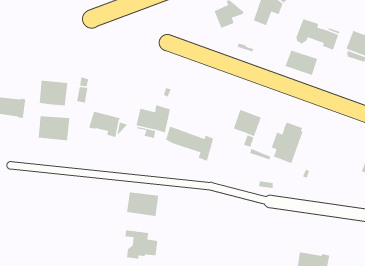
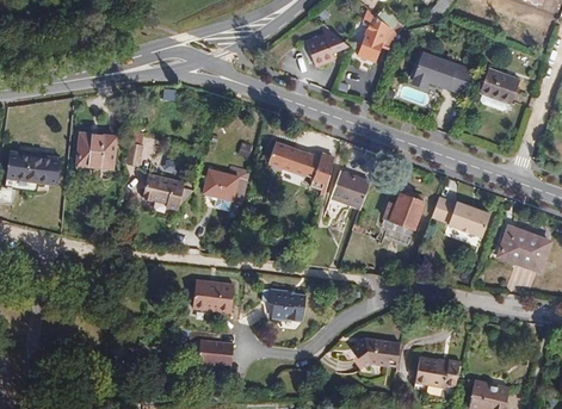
building: [284,50,318,76] -> none
building: [38,115,70,141] -> none
building: [165,126,214,162] -> [268,142,333,190]
building: none -> [431,196,489,236]
building: none -> [267,287,305,318]
building: none -> [350,337,400,366]

